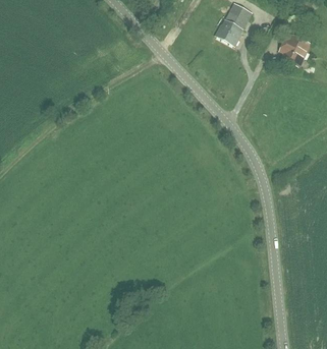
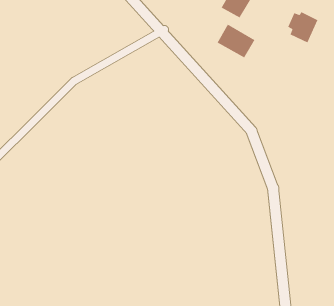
building: none -> [217,24,255,58]

